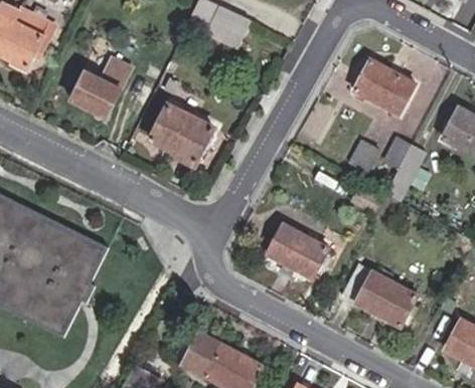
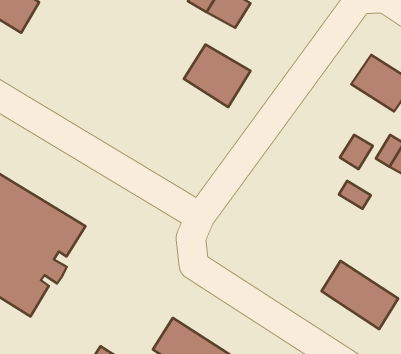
building: [70,56,132,116] -> none
building: [149,104,213,163] -> [184,44,251,107]
building: [266,223,327,277] -> none

